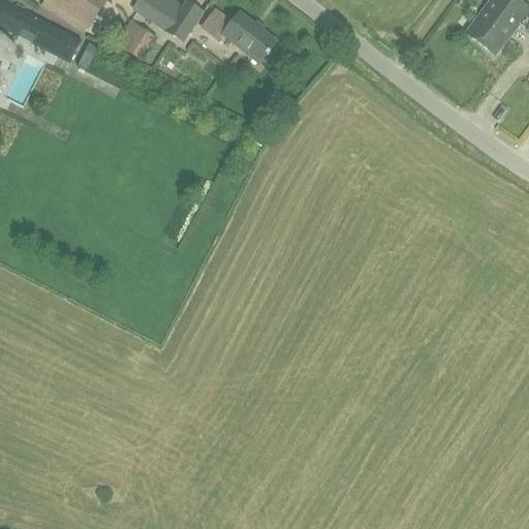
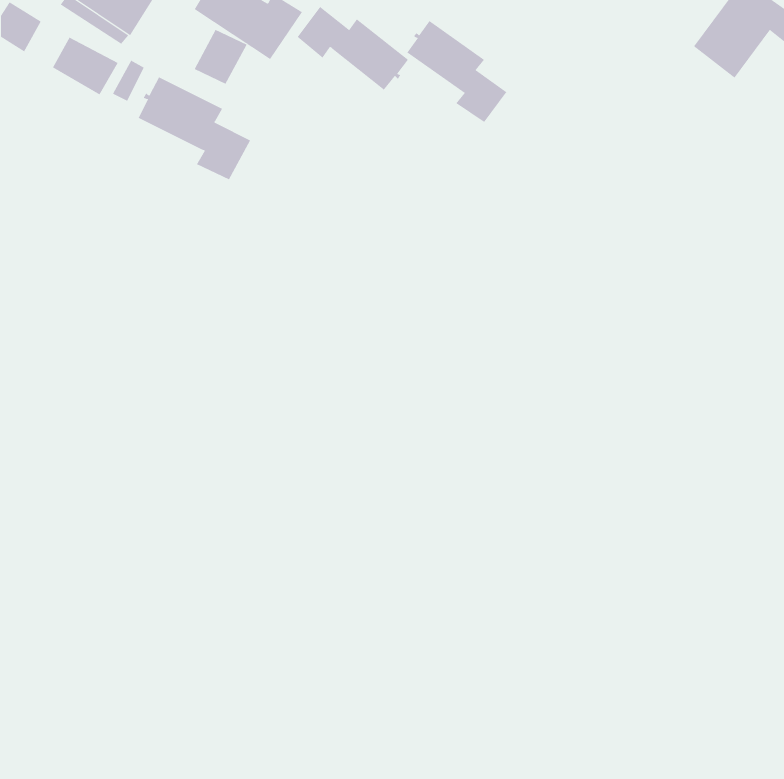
building: none -> [407,20,507,123]
building: none -> [138,76,251,180]

